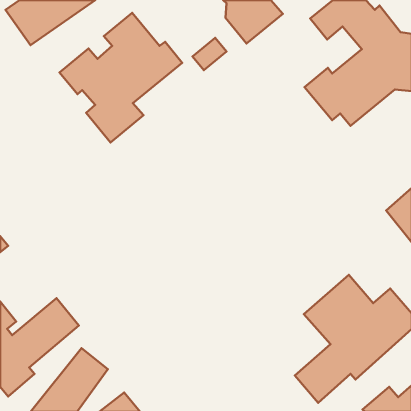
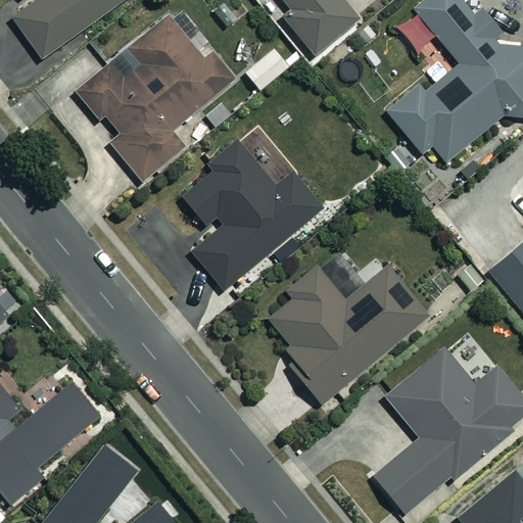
building: none -> [184,142,323,291]
building: none -> [269,265,427,402]

